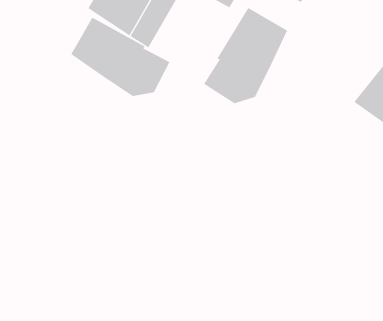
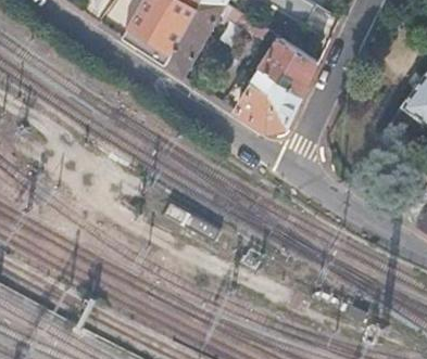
building: [70,17,170,97] -> none

